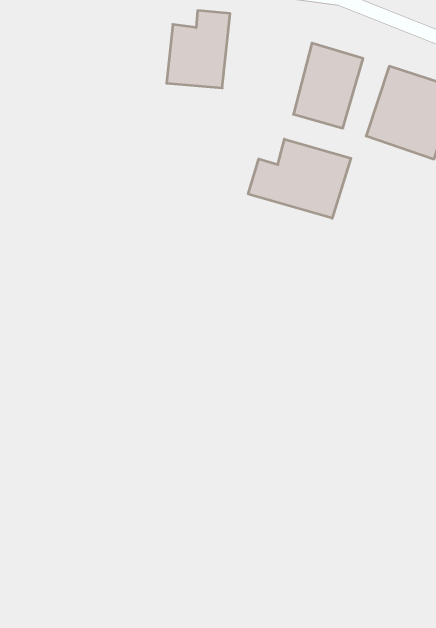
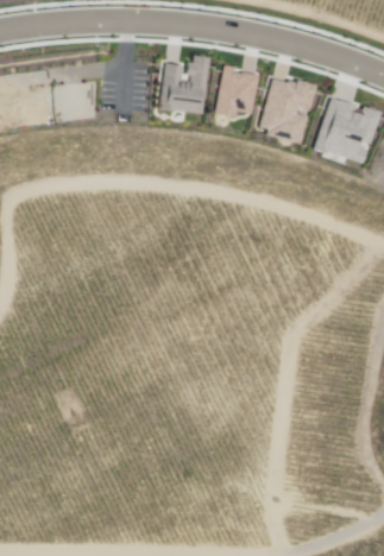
building: none -> [215,67,256,118]
building: [248,139,351,218] -> none

